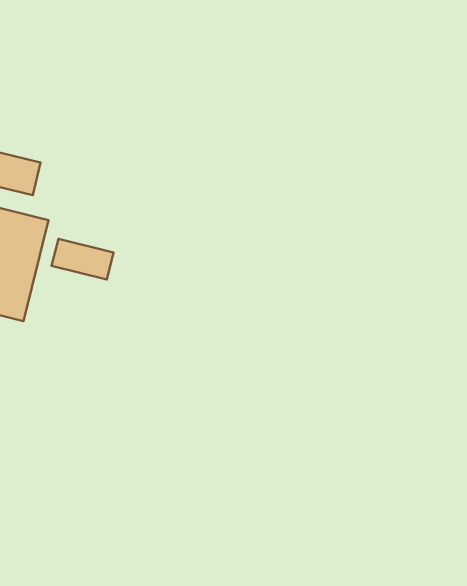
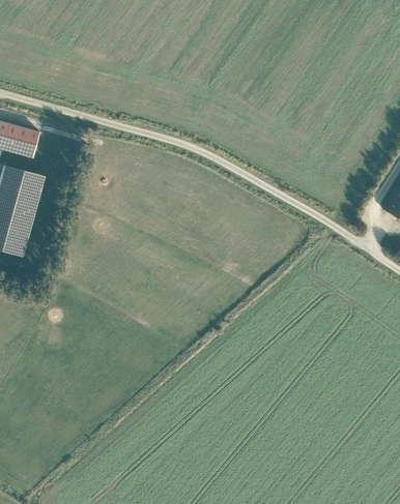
building: [52,239,114,280] -> none

